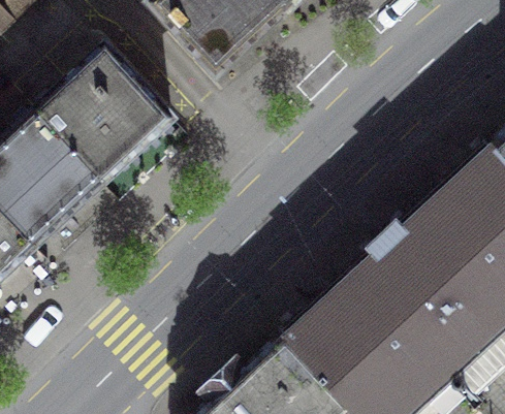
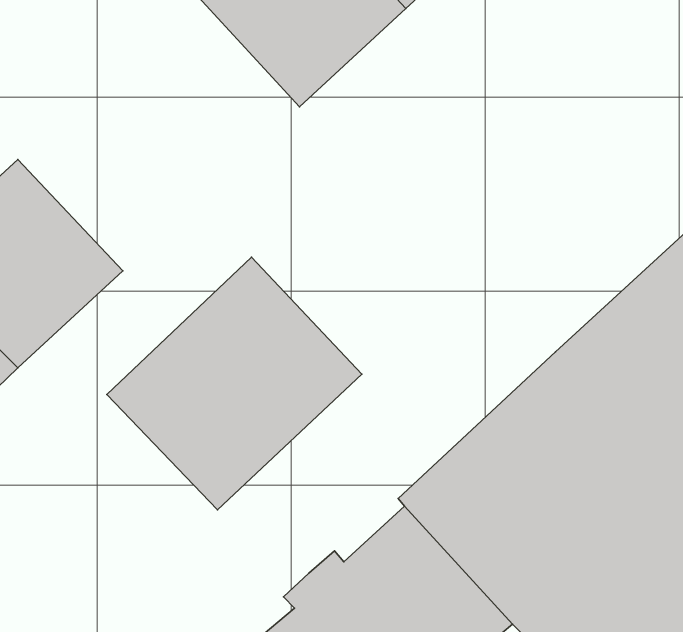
building: [40,41,179,179] -> none
building: none -> [107,257,362,510]

